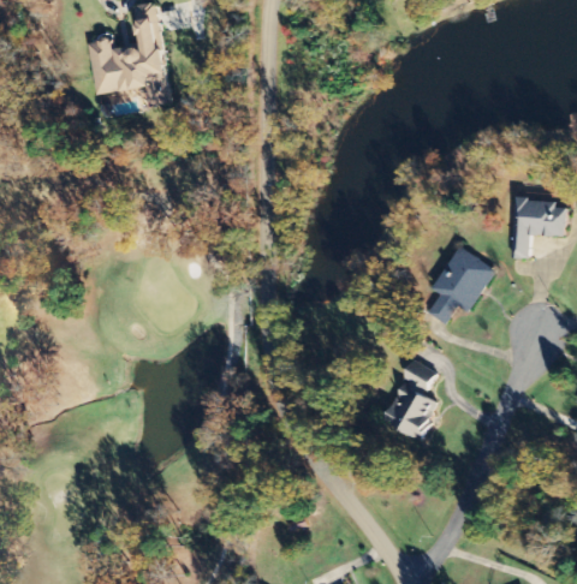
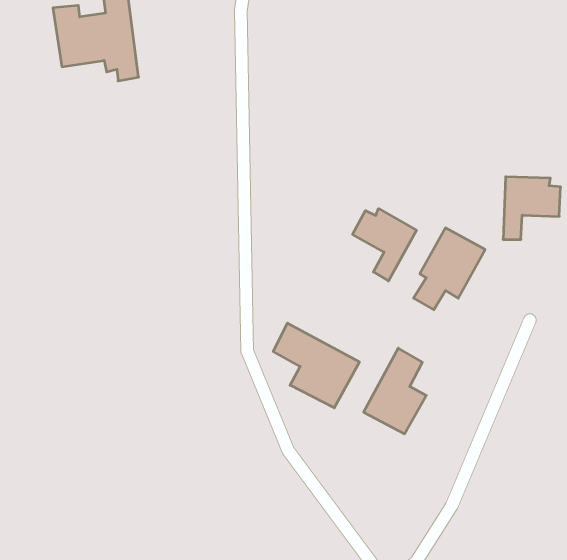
building: none -> [353,209,416,281]
building: none -> [273,323,359,408]

